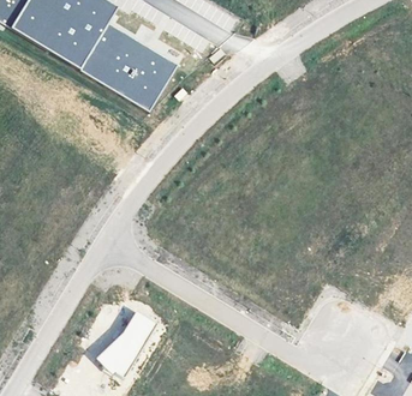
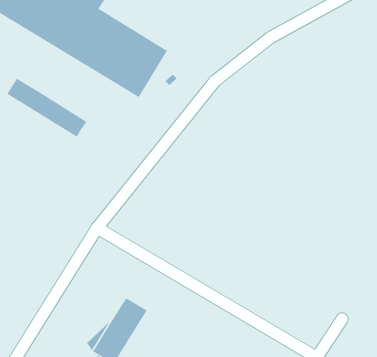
building: none -> [7,78,87,138]

